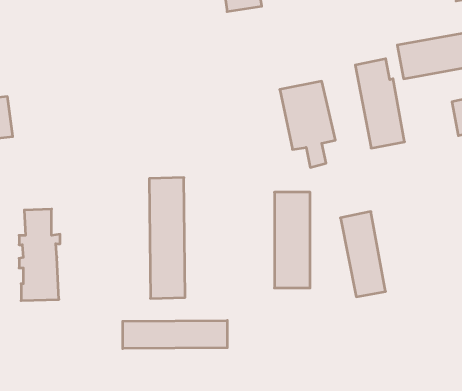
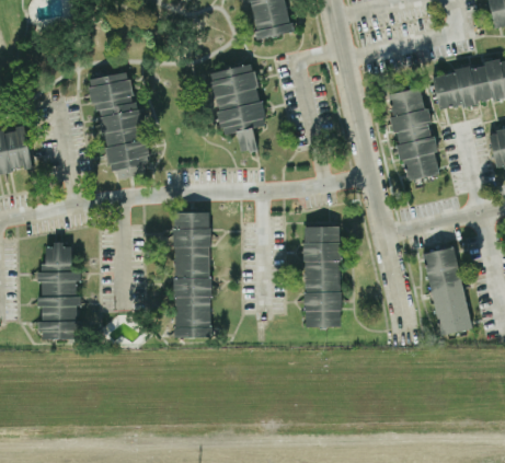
building: none -> [88,71,148,180]
building: [280,81,335,167] -> [208,63,266,153]
building: [340,212,386,297] -> [423,246,470,335]
building: [123,320,227,349] -> none

